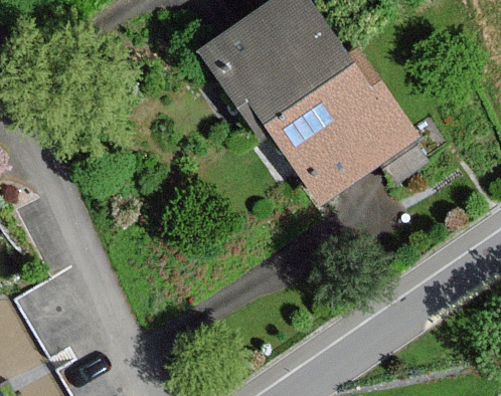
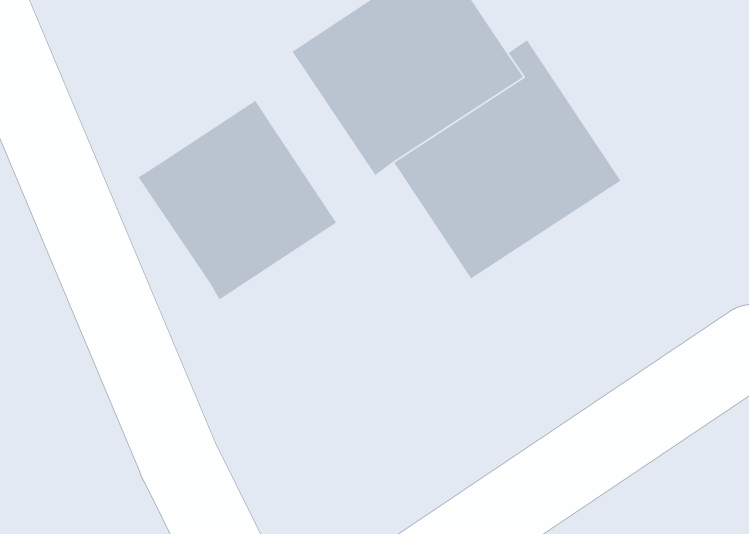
building: none -> [137,100,337,301]

